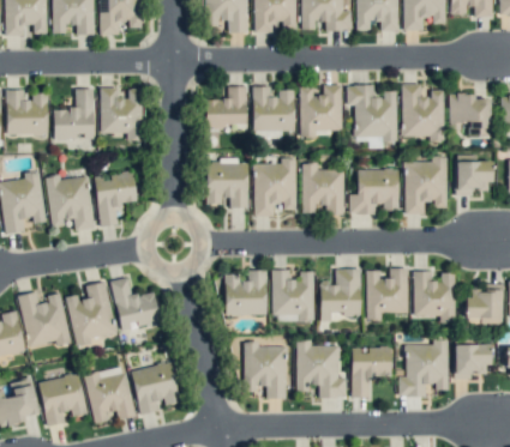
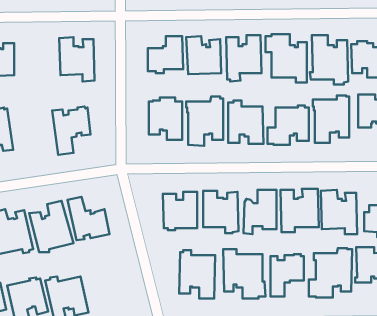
building: [54,90,92,141] -> none
building: [47,175,95,231] -> none
building: [131,362,180,415] -> none

